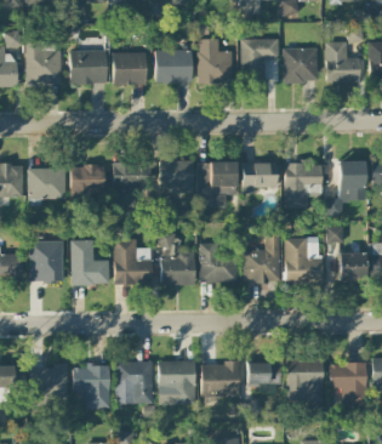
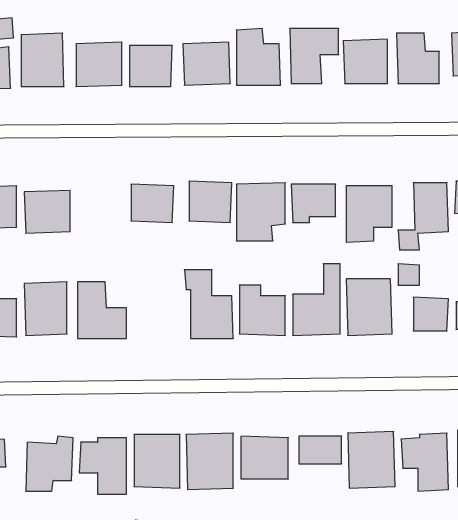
building: [70,164,106,203] -> none
building: [114,238,152,284] -> none

